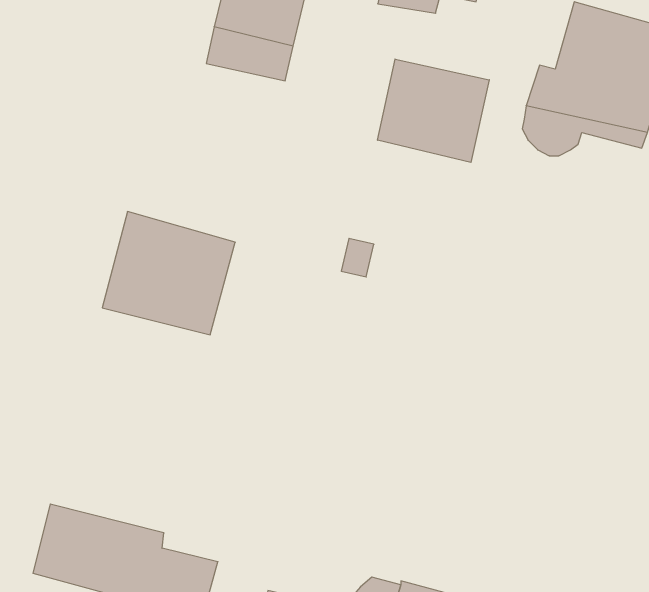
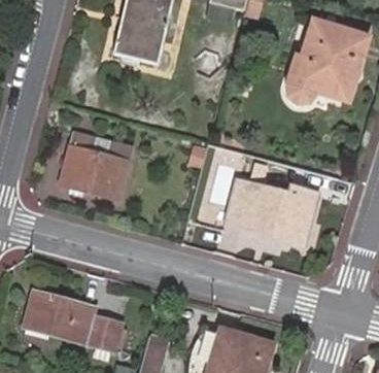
building: [378,59,489,162] -> none
building: none -> [226,175,319,239]

